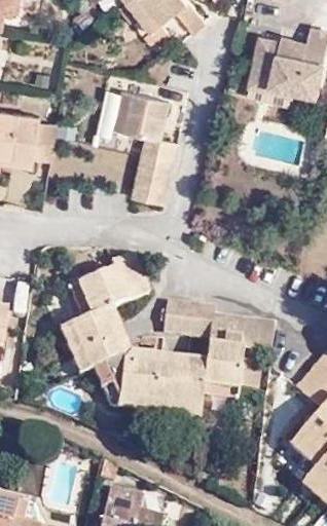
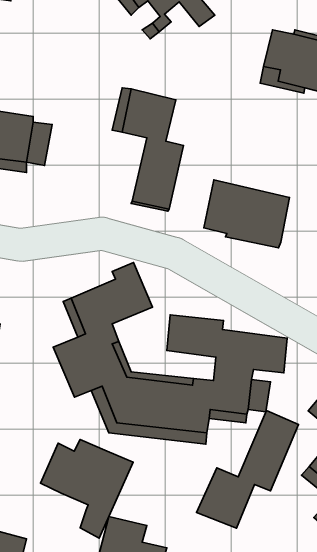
building: none -> [204,180,289,248]
building: none -> [197,410,299,528]
building: none -> [40,440,133,538]

